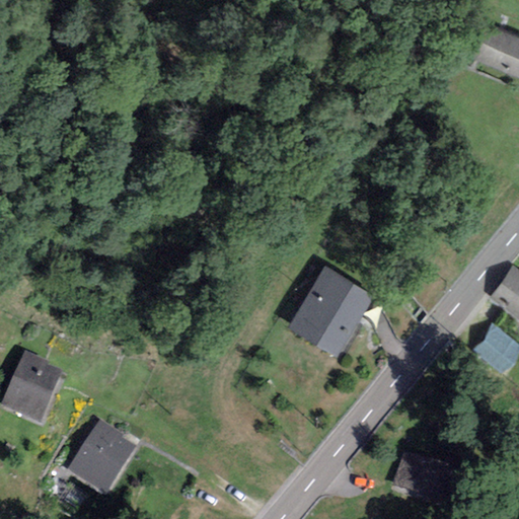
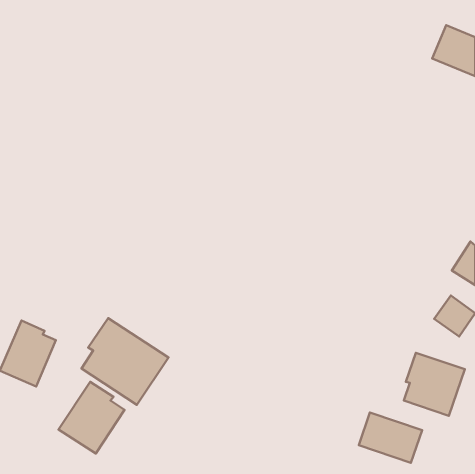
building: [293,266,373,352] -> none
building: none -> [81,318,169,405]
building: none -> [404,353,465,416]

